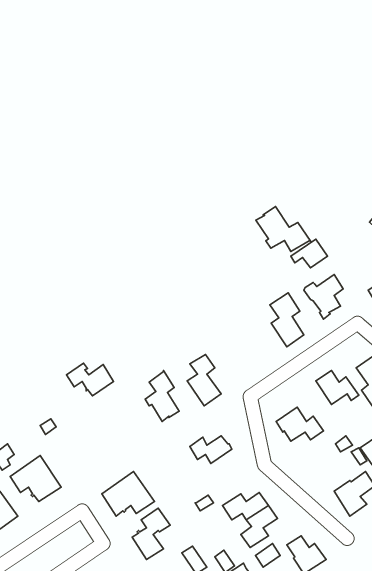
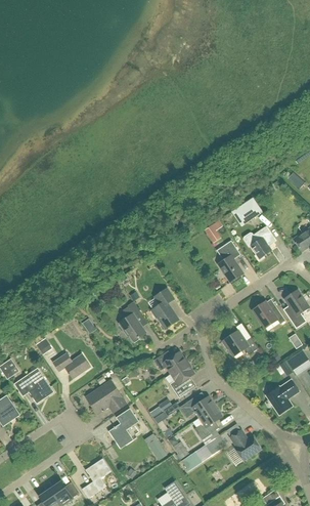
building: [256,207,311,251] -> none
building: [66,363,114,396] -> [52,352,89,378]
building: none -> [169,362,193,397]

